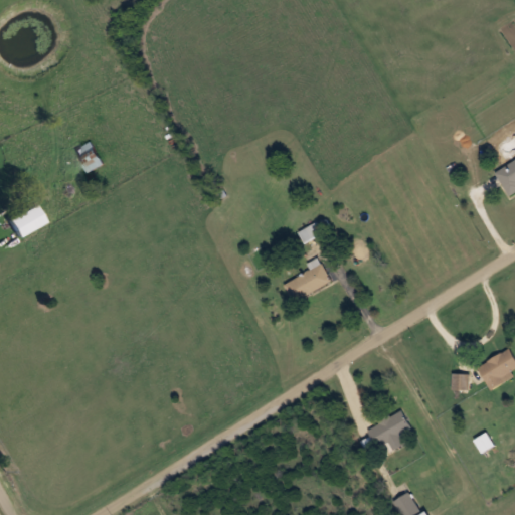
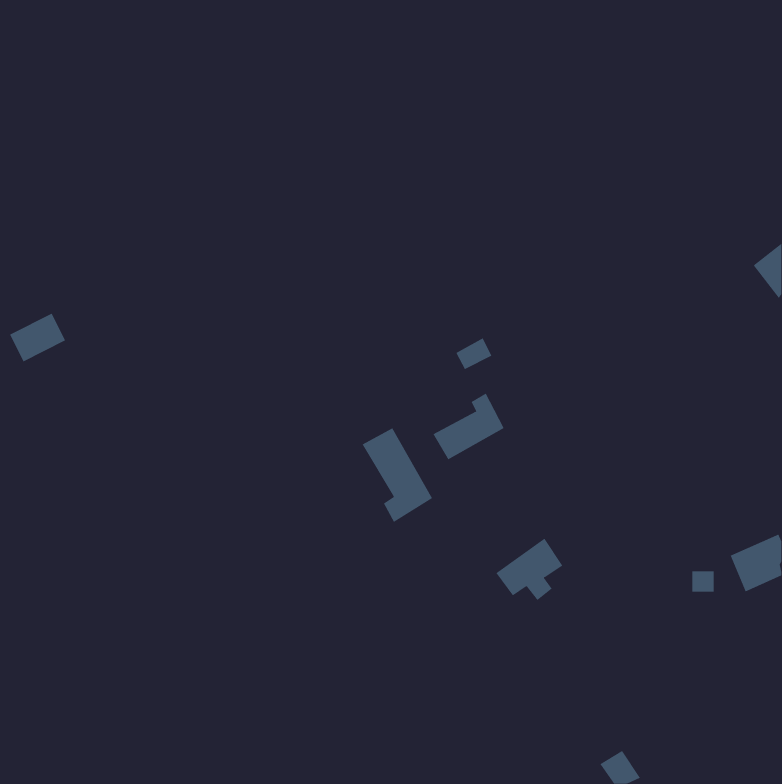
building: [75,142,102,171] -> none
building: none -> [362,428,433,523]
building: [367,408,411,450] -> [496,538,563,601]

